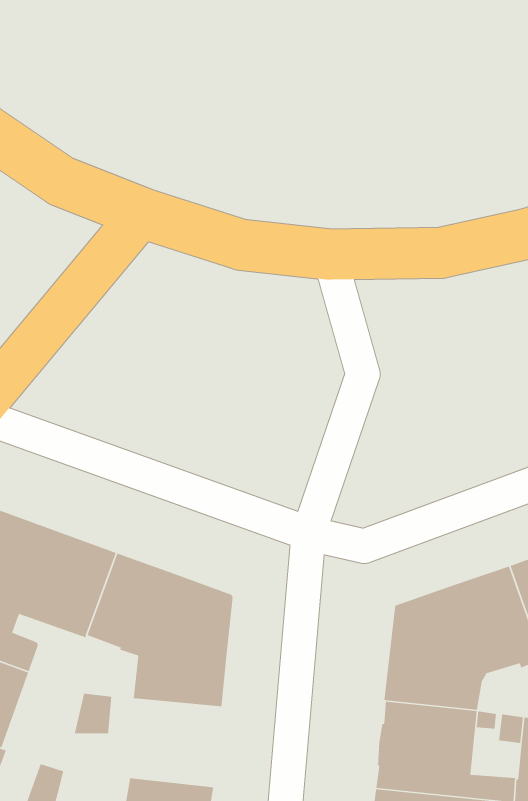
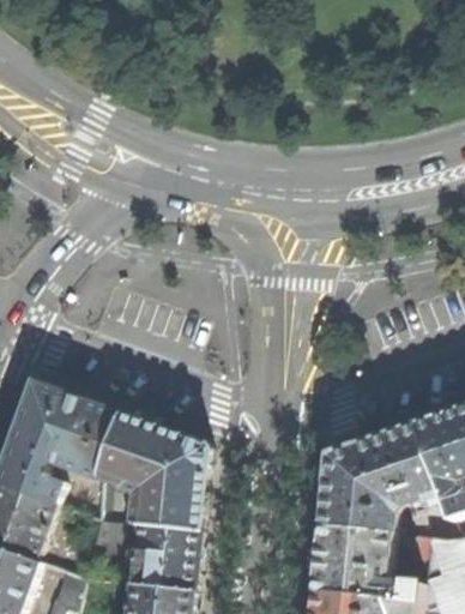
building: none -> [128,526,198,592]

